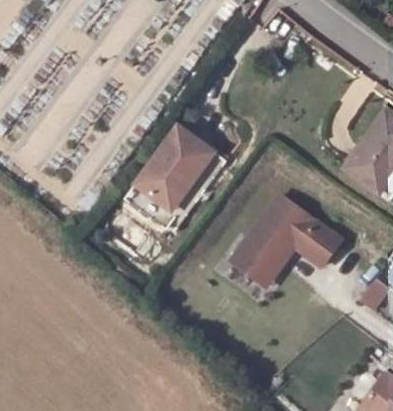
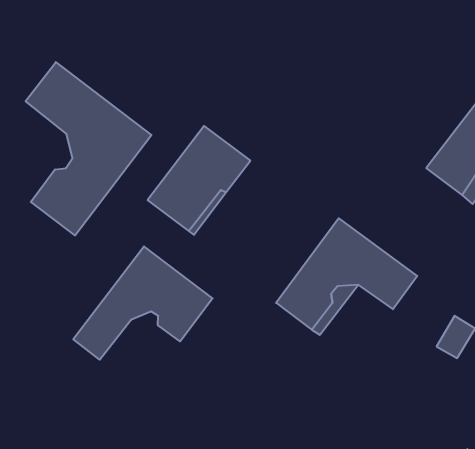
building: none -> [26,62,151,235]
building: none -> [73,246,213,360]

